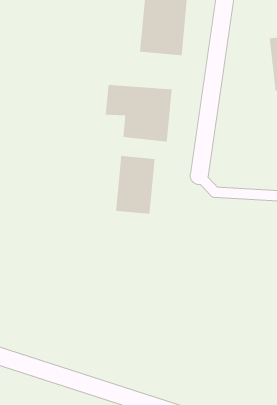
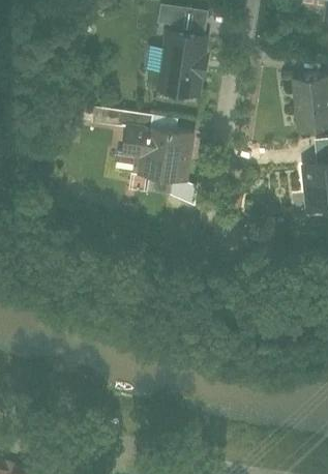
building: [116,155,155,215] -> none

